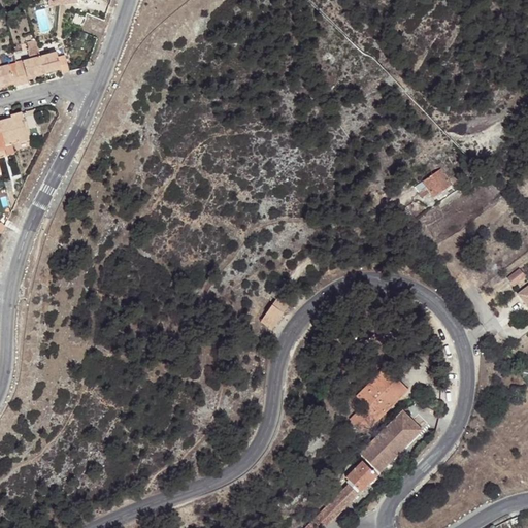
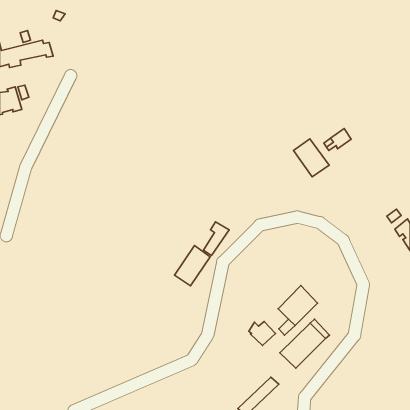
building: none -> [293,139,329,177]
building: none -> [175,246,210,286]
building: [342,461,376,492] -> [249,321,275,345]

